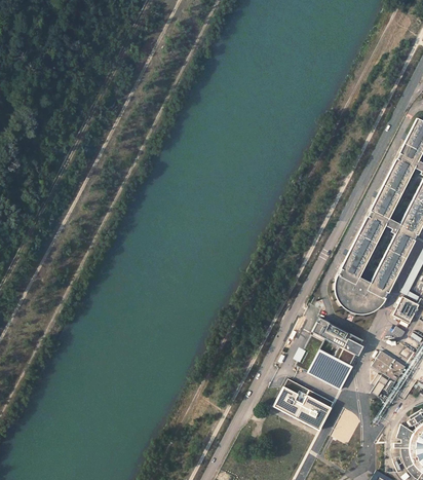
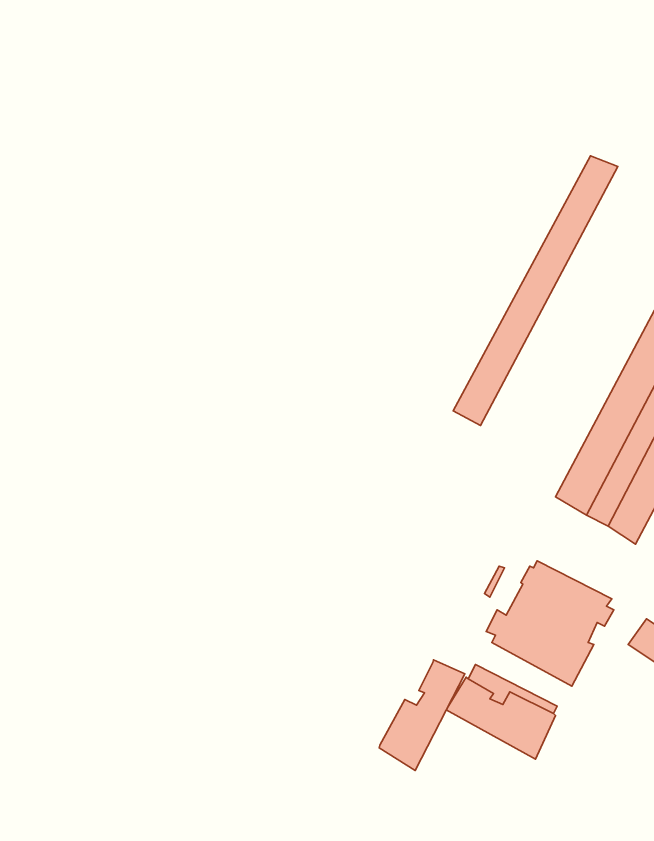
building: none -> [453,156,618,426]
building: [333,283,378,317] -> none
building: none -> [379,660,465,770]

